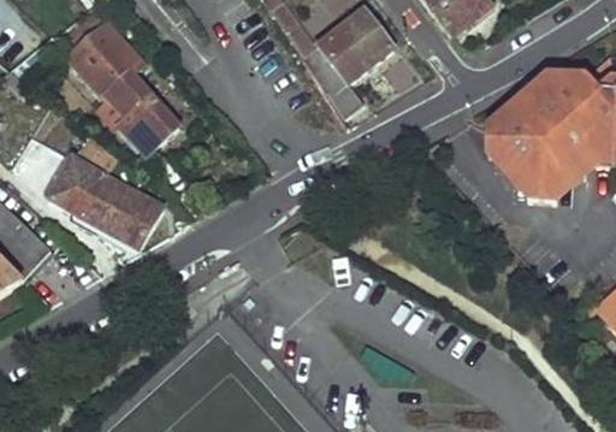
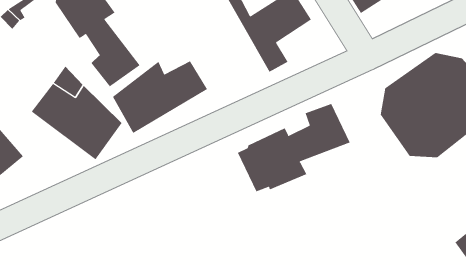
building: none -> [112,60,208,134]
building: none -> [237,103,351,192]

